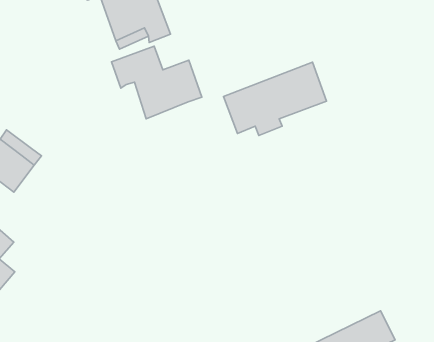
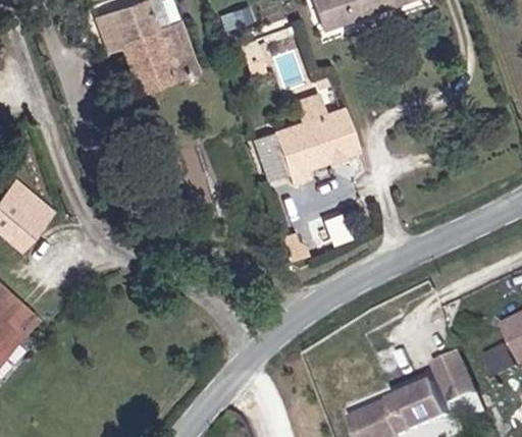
building: [111,46,202,119] -> none
building: none -> [427,347,471,400]

